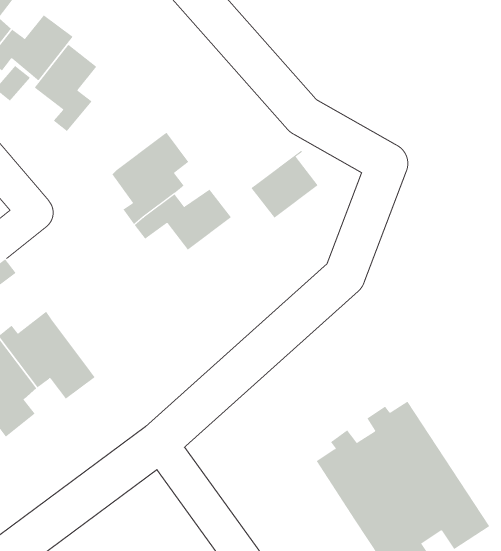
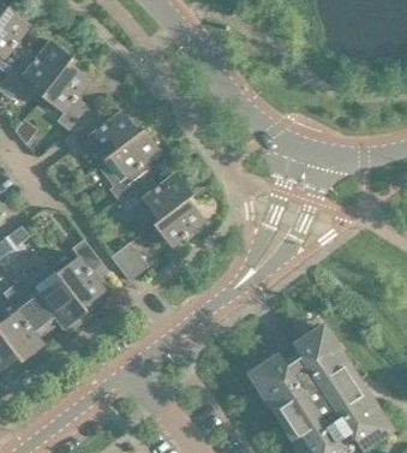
building: none -> [64,111,138,159]
building: [250,150,319,218] -> [154,195,205,246]
building: none -> [56,239,108,316]
building: none -> [110,243,148,281]

